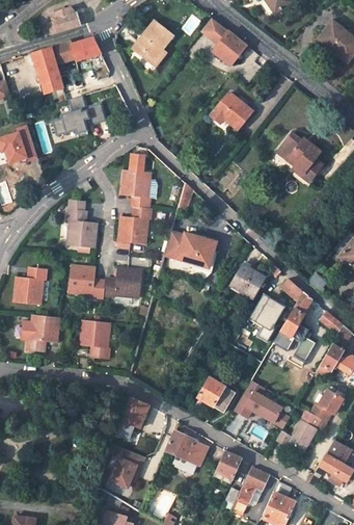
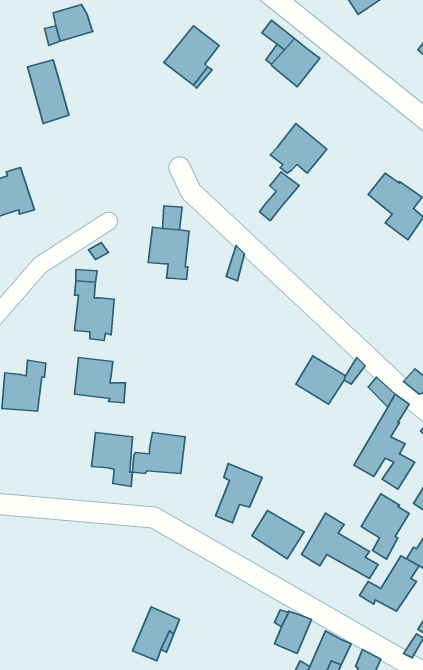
building: [51,37,100,64] -> none
building: [53,95,105,134] -> none
building: none -> [259,172,299,221]
building: [117,207,151,245] -> none
building: [164,232,215,267] -> none
building: [103,267,141,297] -> [133,433,185,474]
building: [248,294,283,342] -> [361,494,409,559]
building: [21,315,59,351] -> none
building: [114,395,148,439] -> [215,463,262,523]
building: [166,430,207,473] -> none

